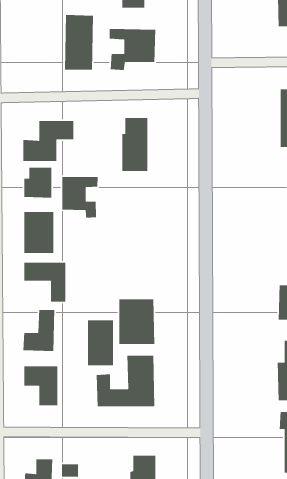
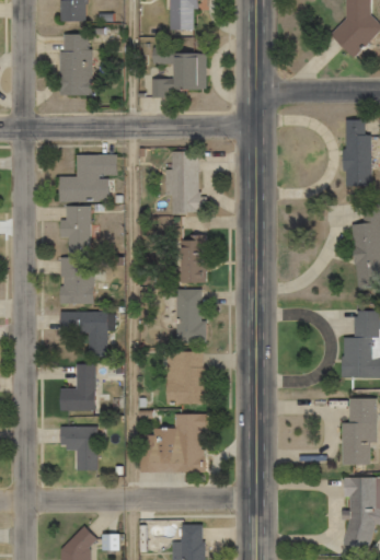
building: [64,14,94,71] -> [59,35,92,97]
building: [61,176,98,219] -> none
building: none -> [180,245,206,282]
building: [87,320,114,366] -> [176,290,206,341]

